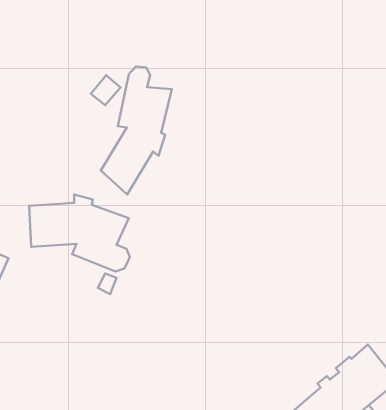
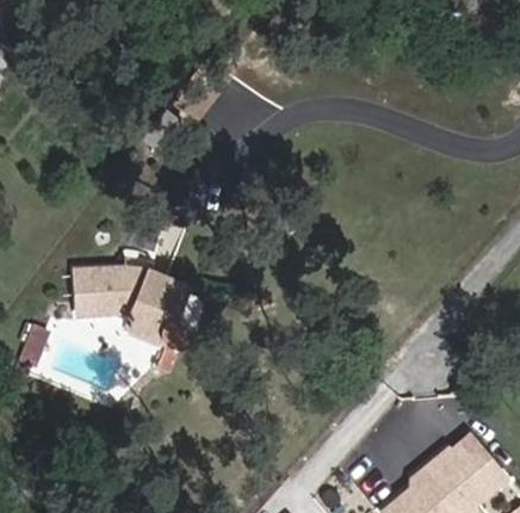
building: [101,67,172,194] -> none

